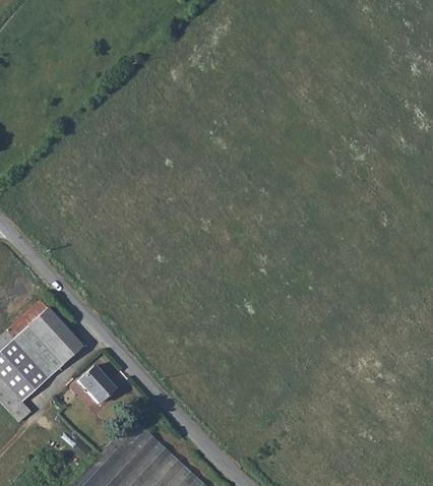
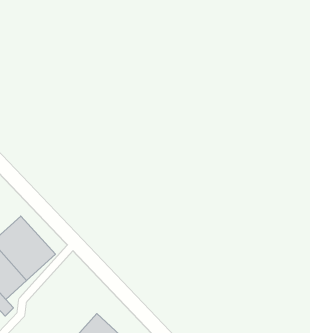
building: [80,369,117,408] -> none

